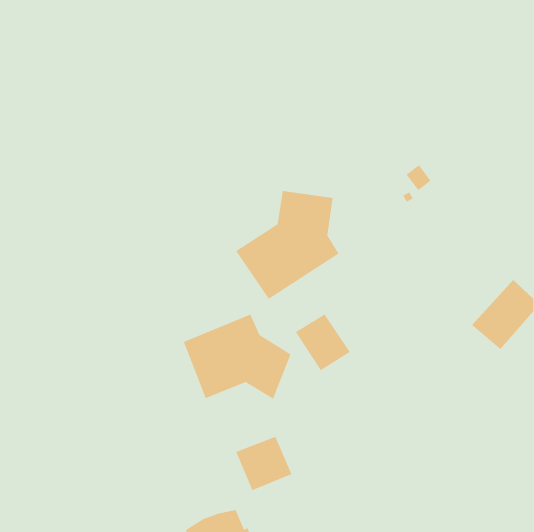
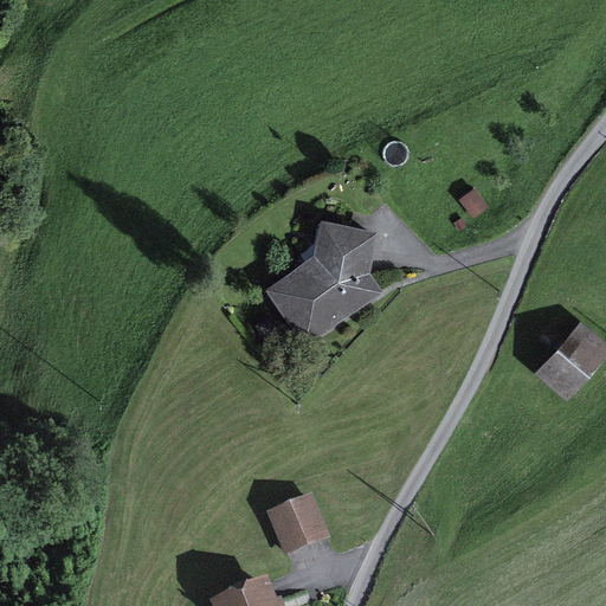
building: [183,313,292,400] -> none
building: [295,313,351,371] -> none

